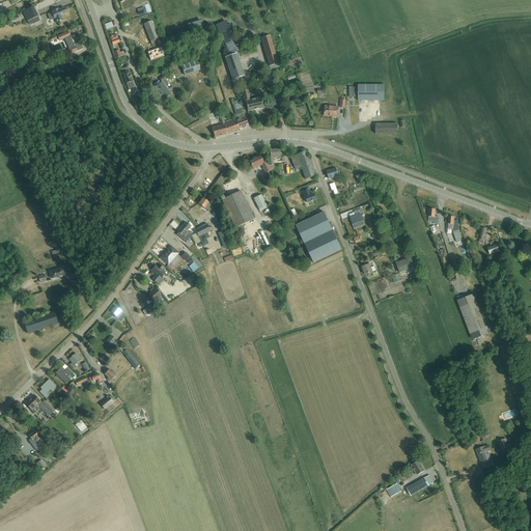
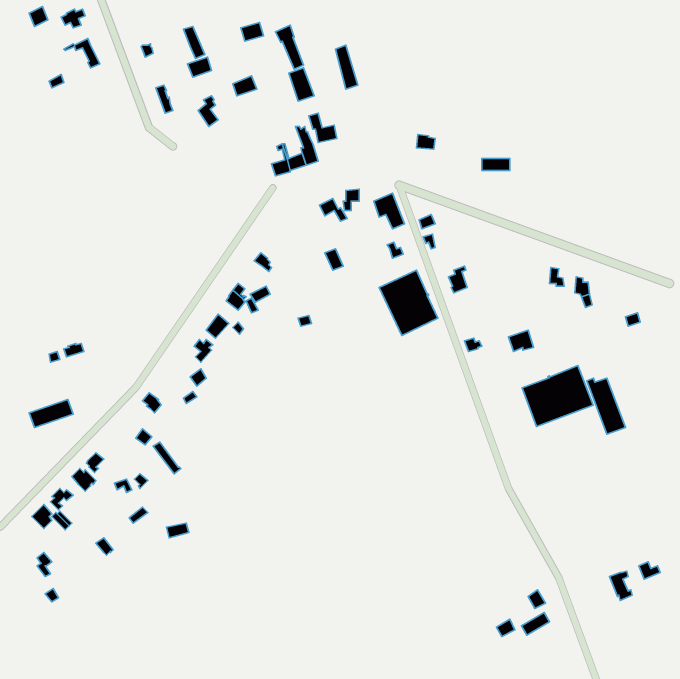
building: [358,84,385,100] -> none
building: [222,190,254,227] -> none
building: none -> [522,366,593,427]

